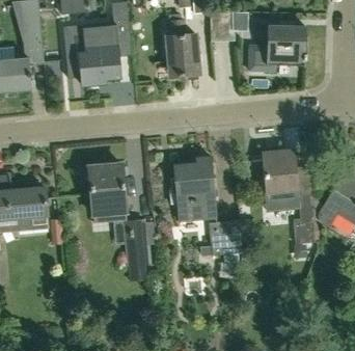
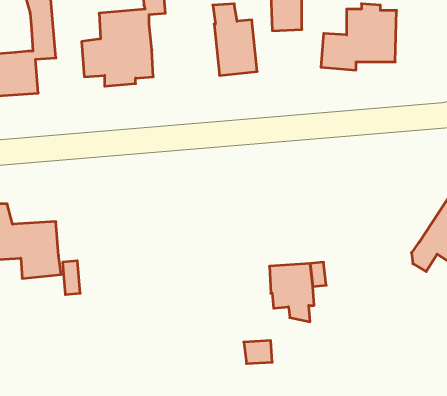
building: [262,148,319,243] -> none
building: [170,157,215,220] -> none
building: [88,165,126,214] -> none
building: [125,221,154,266] -> none

